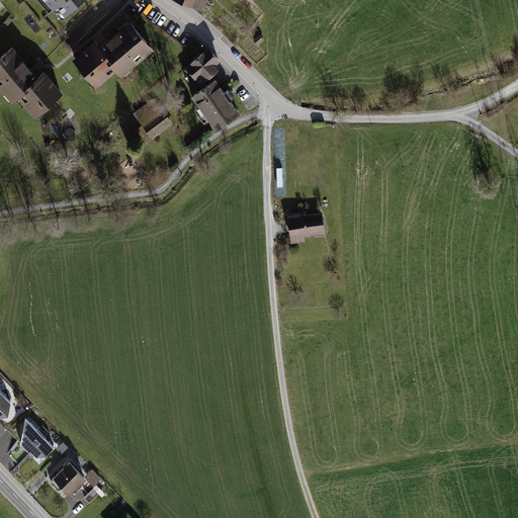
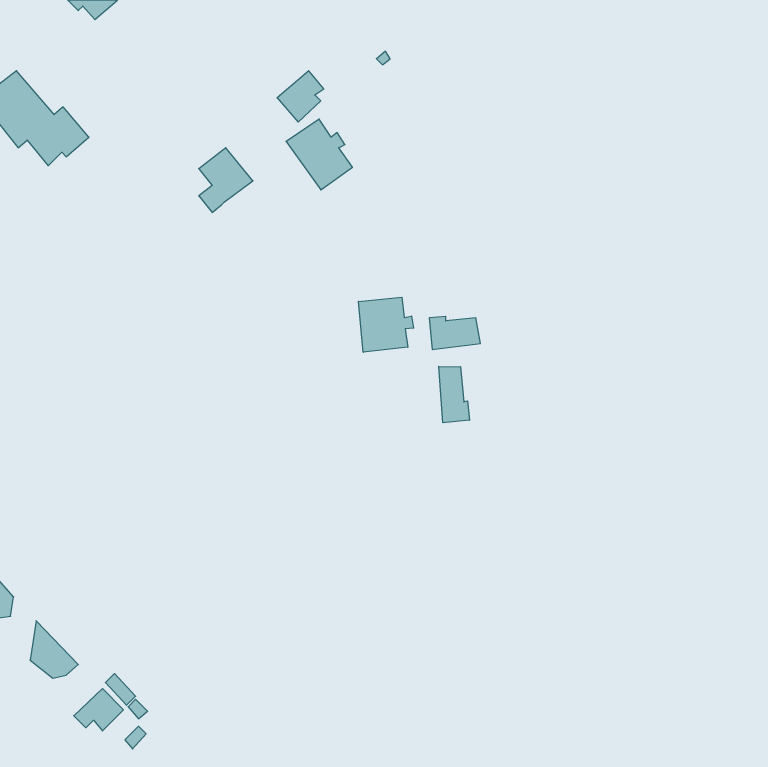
building: [74,24,146,84] -> none
building: none -> [359,297,414,352]
building: none -> [439,366,469,423]

